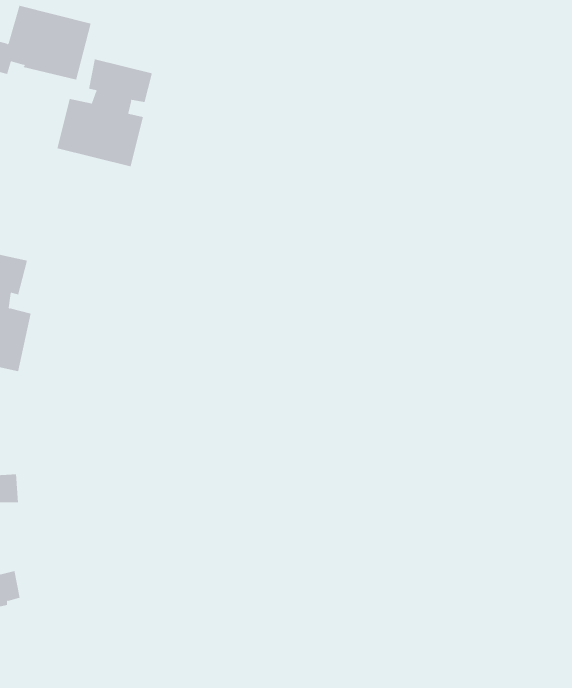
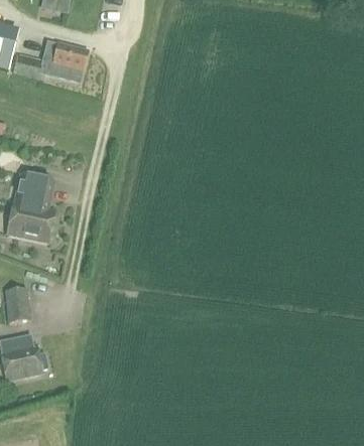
building: [57,59,153,167] -> none

